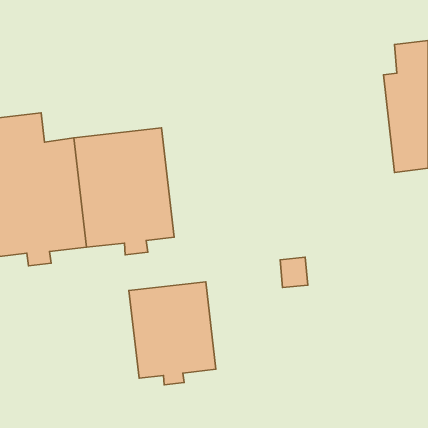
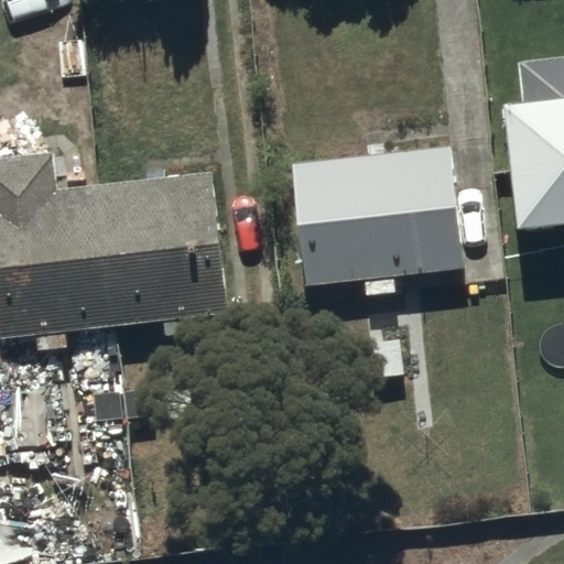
building: none -> [292,144,465,295]
building: [129,282,216,385] -> none

